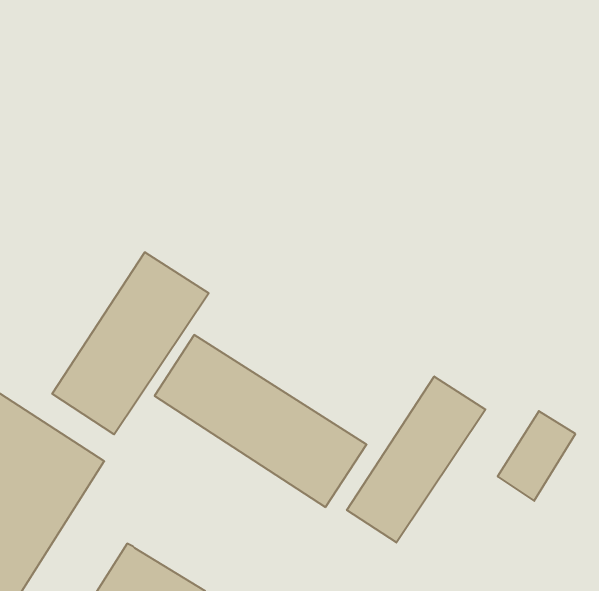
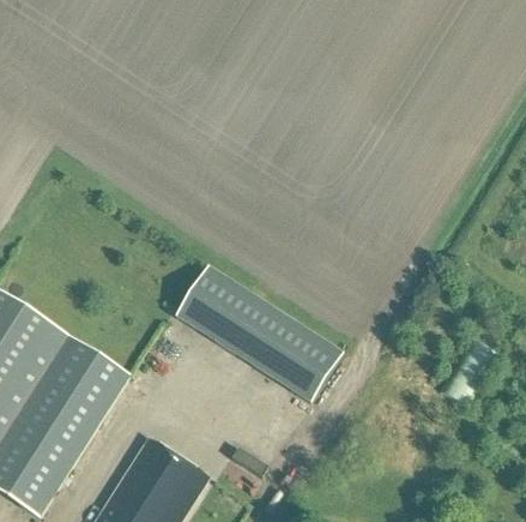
building: [52,252,209,434] -> none
building: [347,376,485,543] -> none

